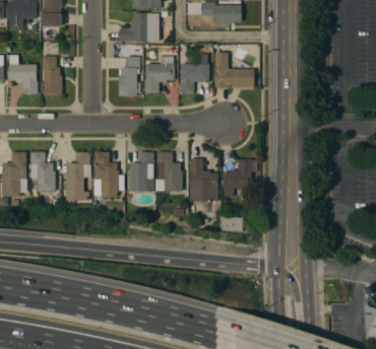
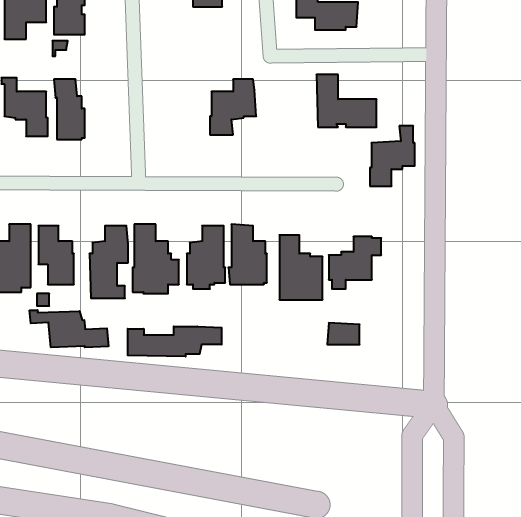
building: [118,13,159,42] -> none
building: [179,53,208,92] -> [370,126,415,186]
building: [118,57,139,95] -> none
building: none -> [30,310,108,347]
building: none -> [128,326,222,357]

